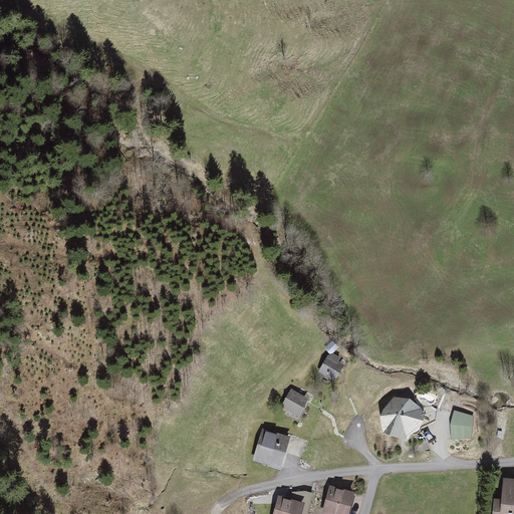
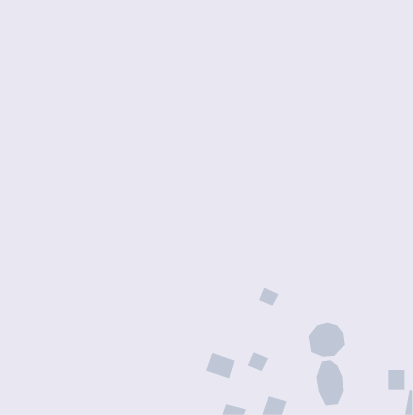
building: [283,390,310,415] -> [247,352,269,372]
building: [448,412,470,437] -> [387,370,405,390]
building: none -> [316,360,344,406]

